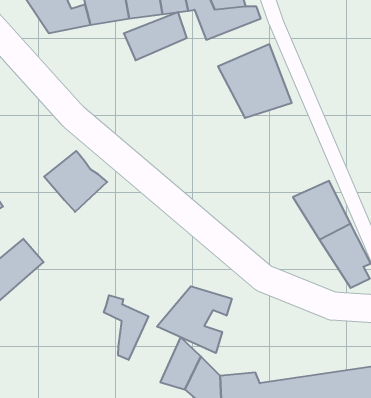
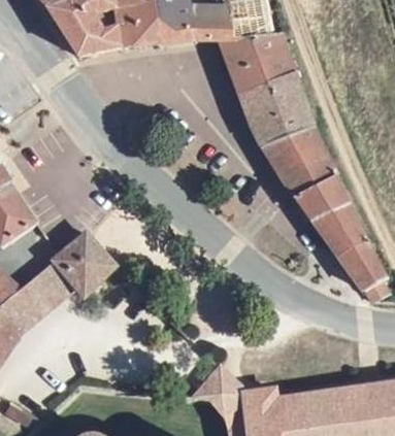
building: [124,12,187,60] -> [232,45,293,92]
building: none -> [269,127,351,217]
building: [44,151,107,212] -> [56,233,117,292]
building: [157,286,232,353] -> none
building: [104,295,148,360] -> none

